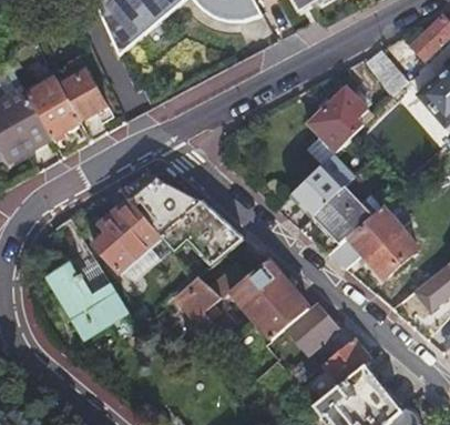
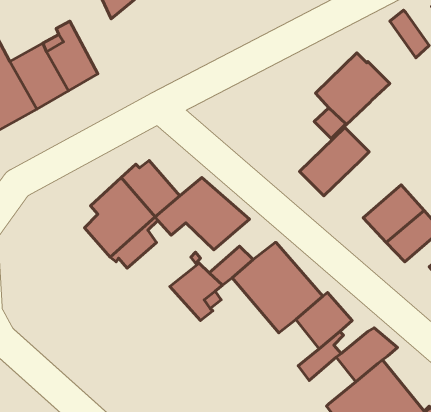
building: [309,184,374,244] -> none
building: [43,263,125,336] -> none

